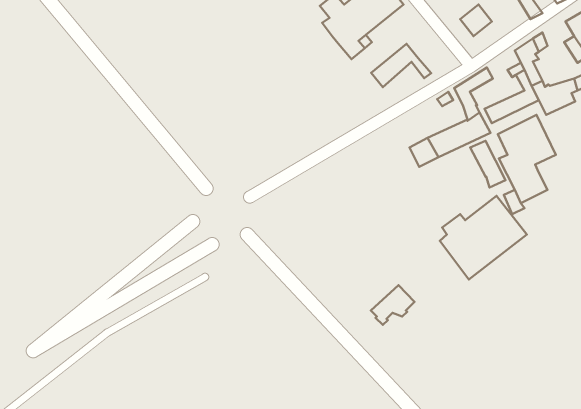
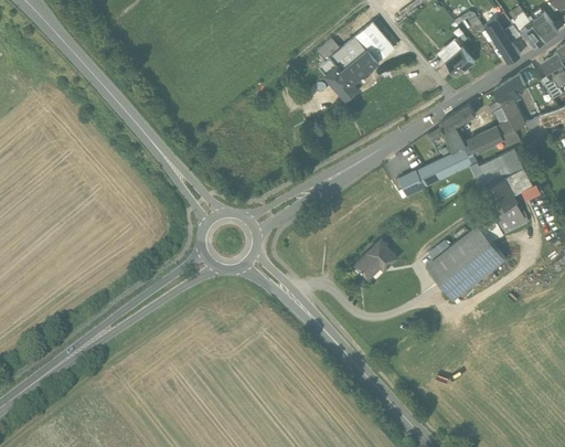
building: [371,44,431,87] -> none
building: [470,141,506,187] -> none
building: [371,285,414,325] -> [358,238,397,275]

